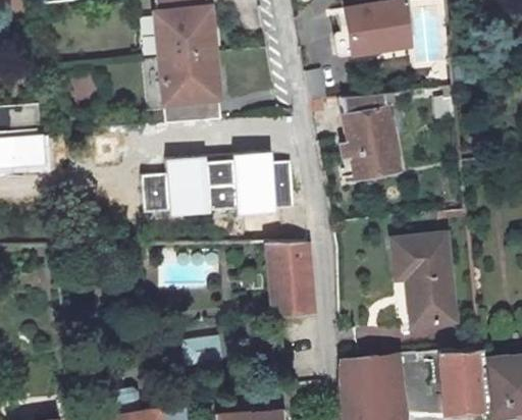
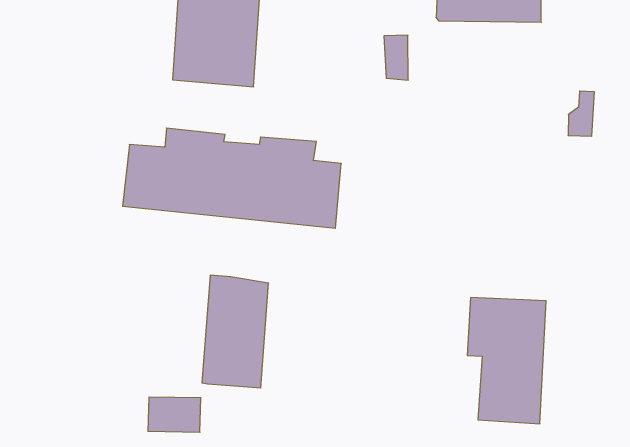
building: [342,93,411,179] -> none
building: [268,243,315,318] -> [202,275,269,388]

